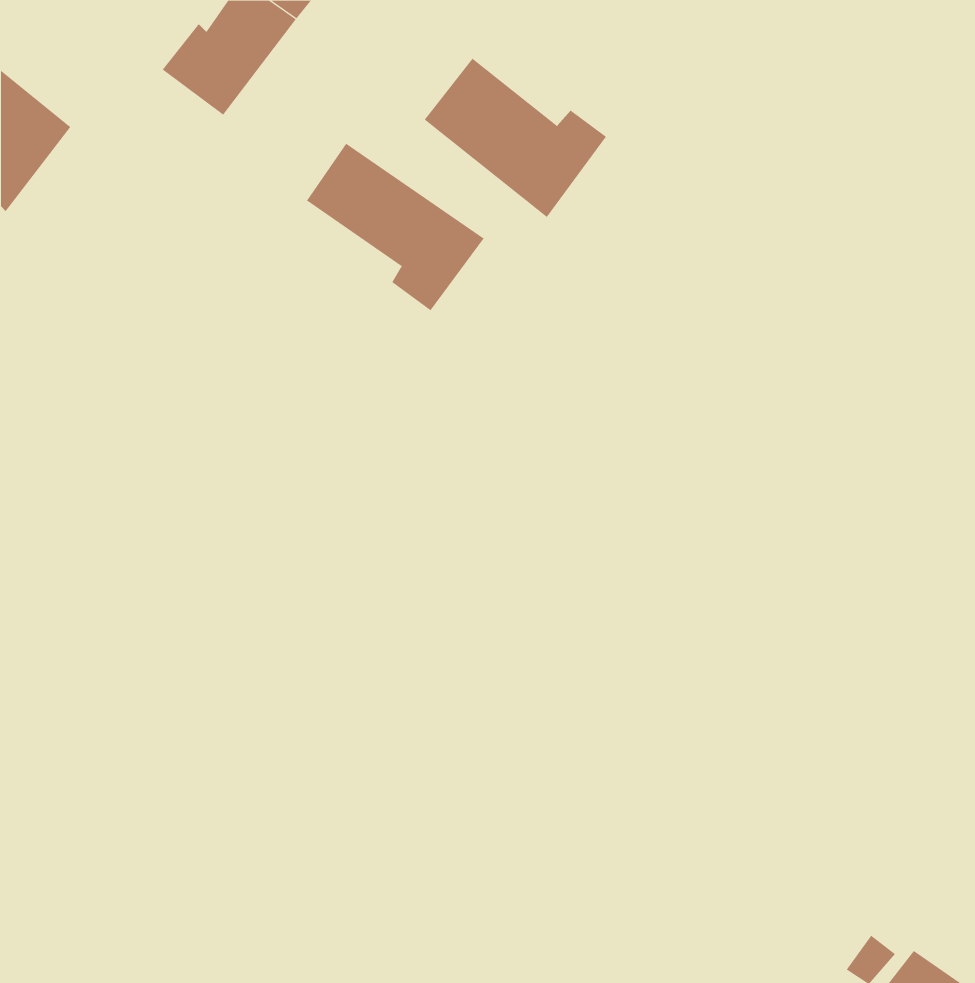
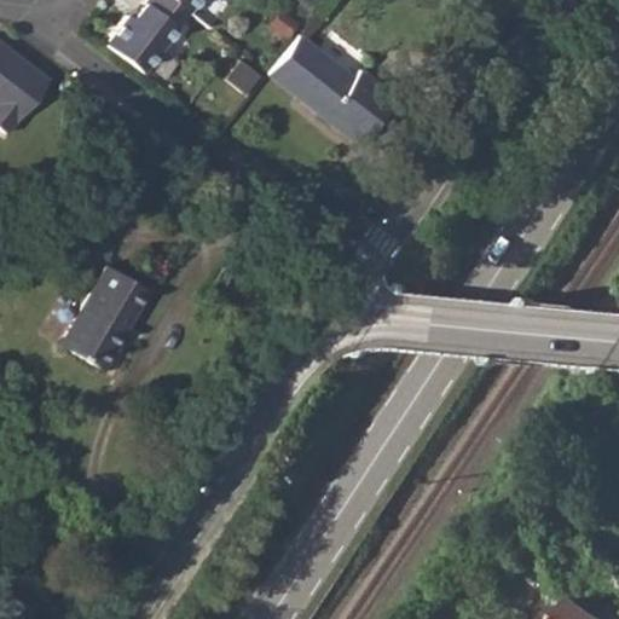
building: [306,143,484,311] -> none
building: none -> [63,268,147,370]

